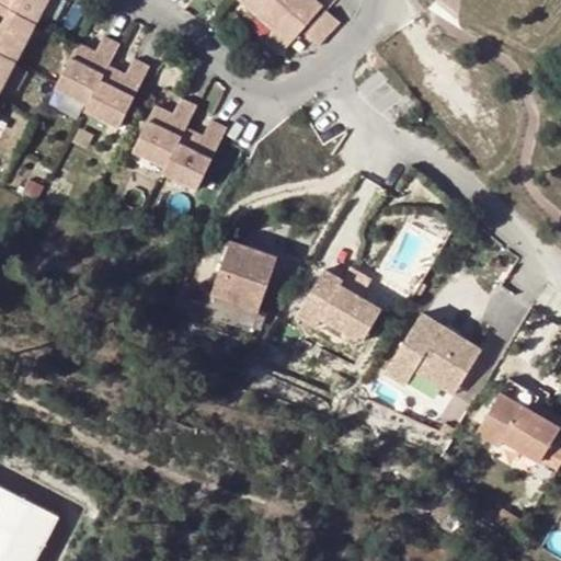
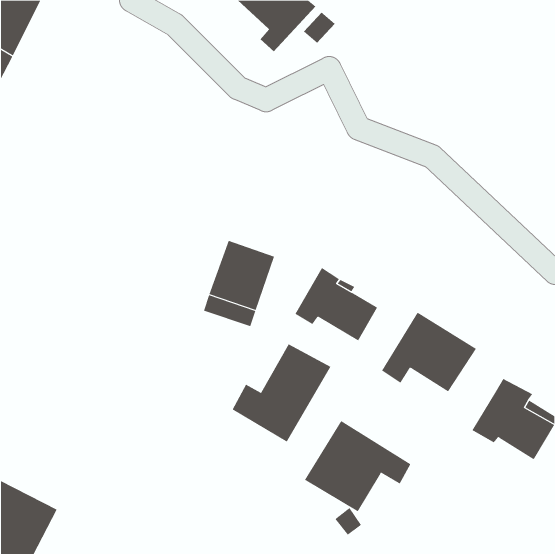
building: [53,35,147,125] -> none
building: [130,95,225,186] -> none
building: none -> [232,343,331,442]
building: none -> [304,420,411,512]

